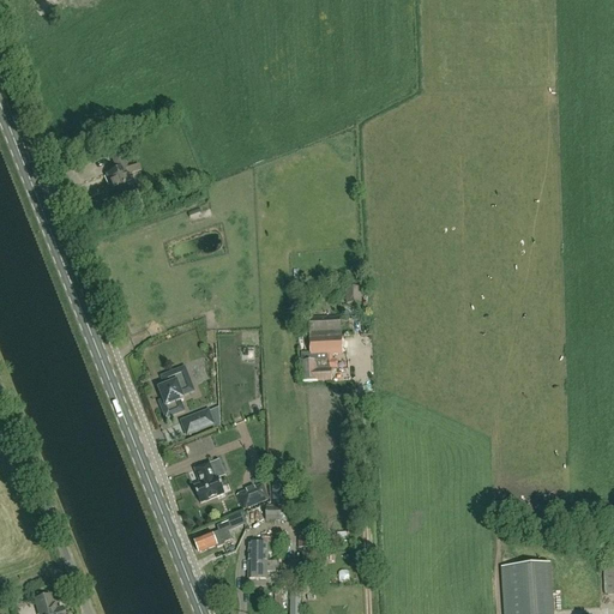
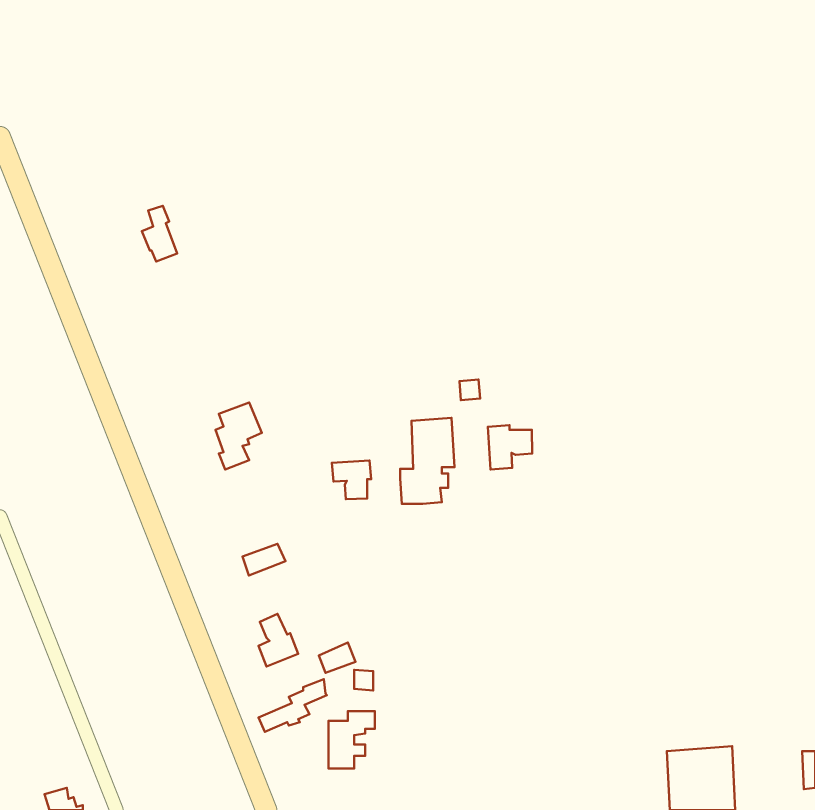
building: none -> [488,425,532,470]
building: none -> [332,460,371,499]
building: [159,366,194,416] -> [216,403,262,470]

